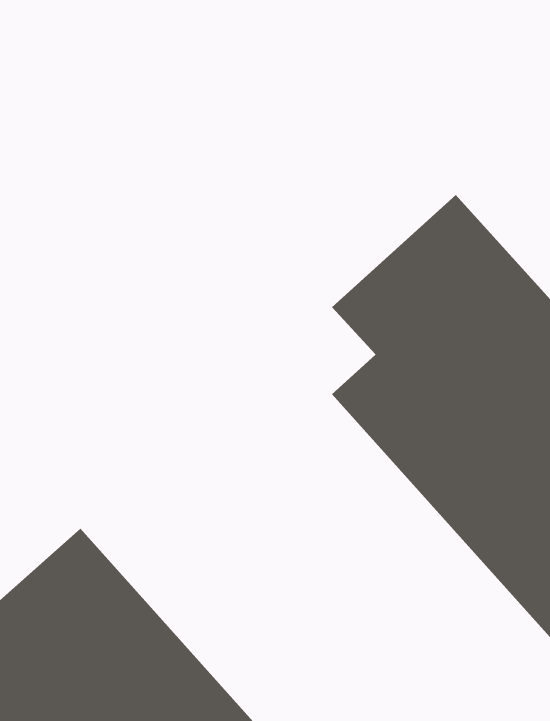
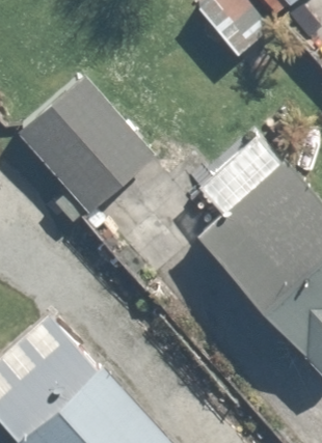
building: none -> [20,80,152,214]

